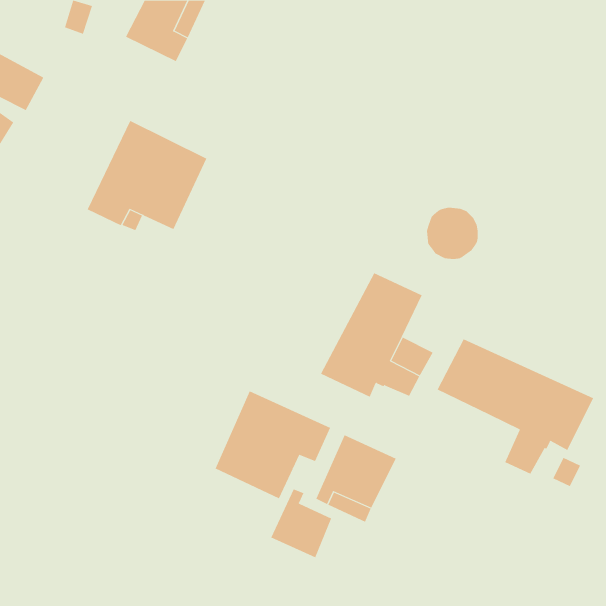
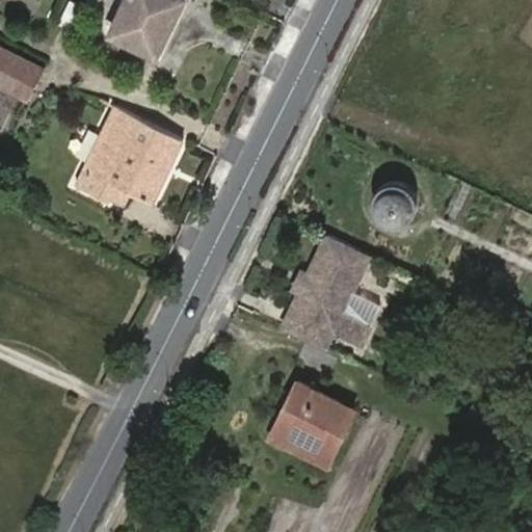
building: [437,338,594,474] -> none
building: [215,391,331,499] -> none
building: [271,489,332,558] -> none

